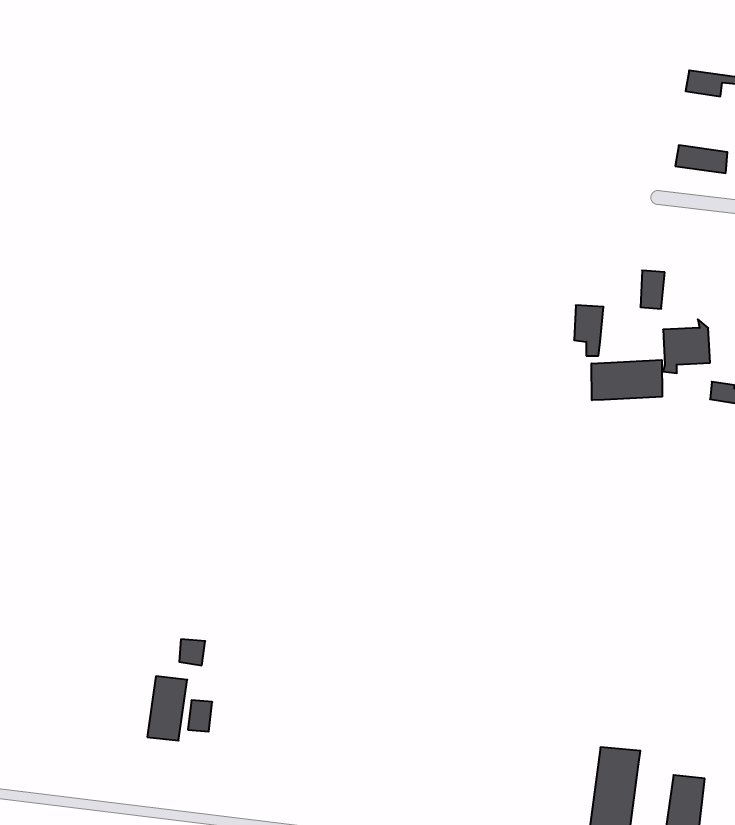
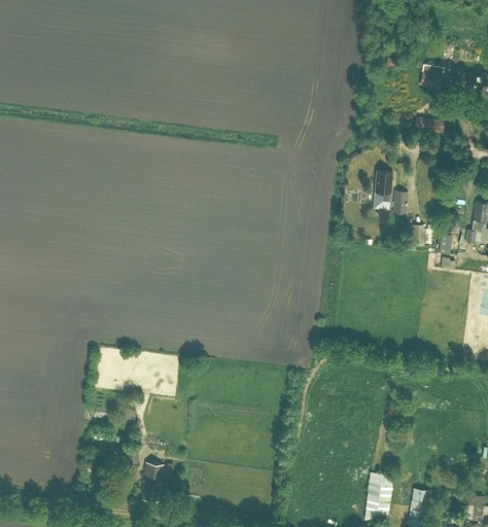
building: [574,305,604,356] -> [375,171,392,201]
building: [592,360,662,400] -> none
building: [147,676,187,741] -> [140,462,164,500]

